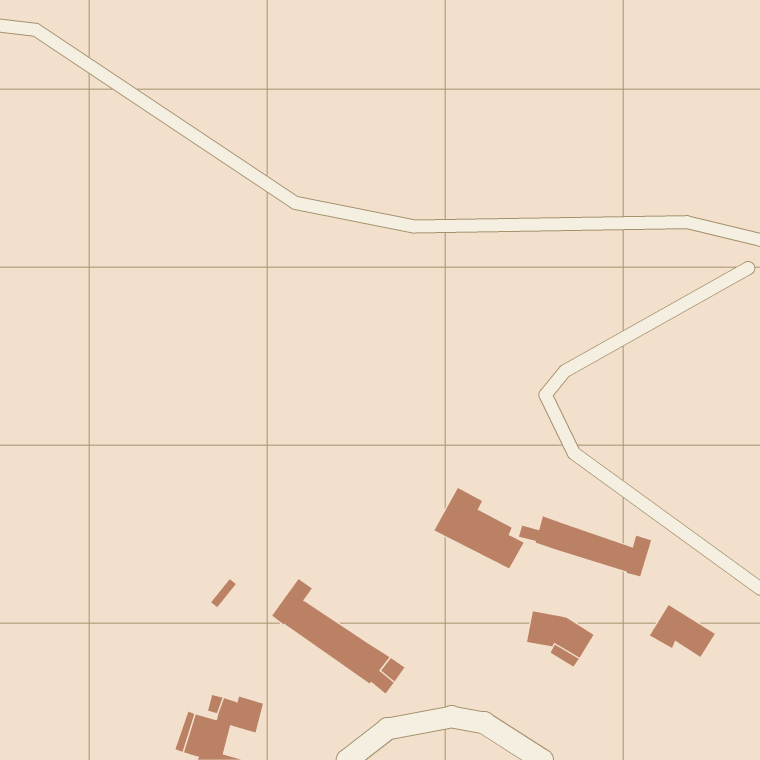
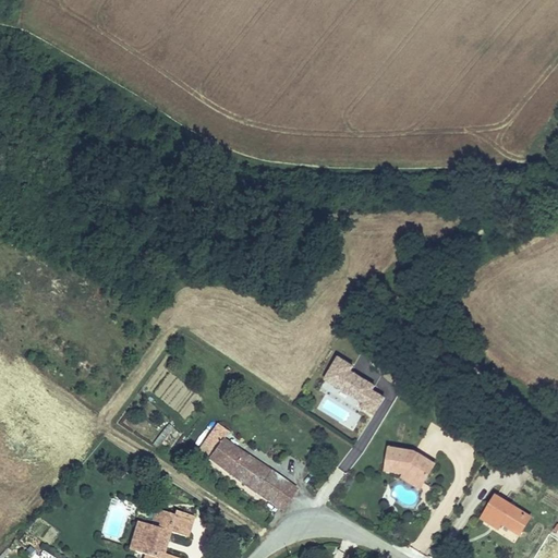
building: [518,515,652,577] -> none
building: [649,604,716,658] -> [482,495,531,534]

